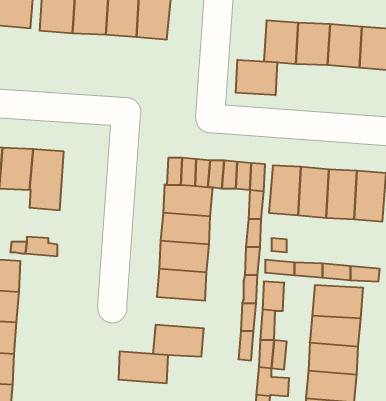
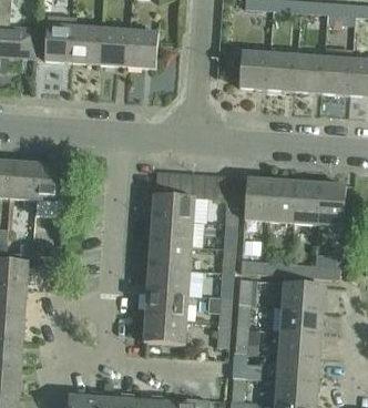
building: [236,60,277,95] -> none
building: [118,351,168,383] -> [145,292,188,319]

